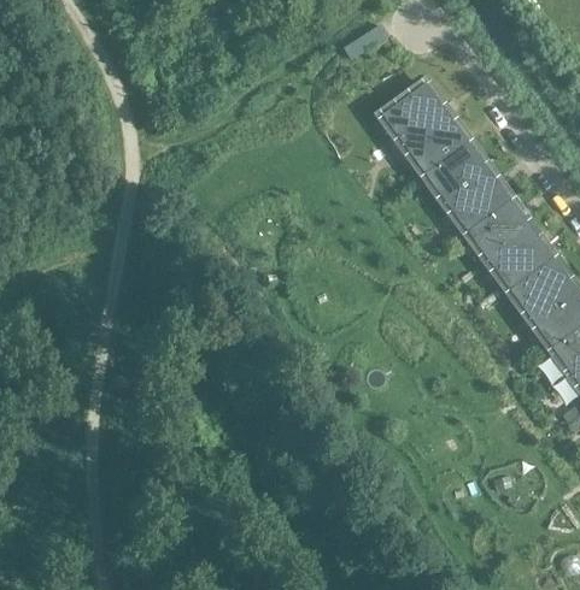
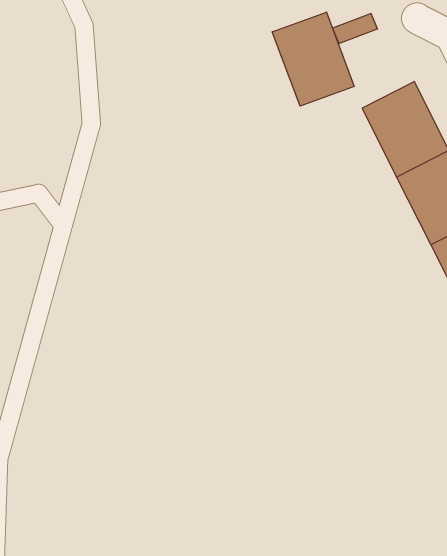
building: none -> [272,12,354,106]

